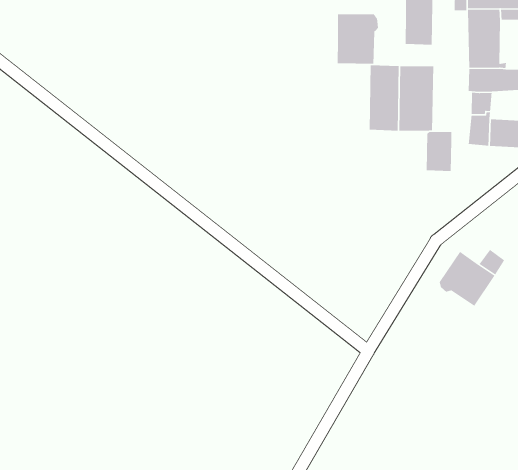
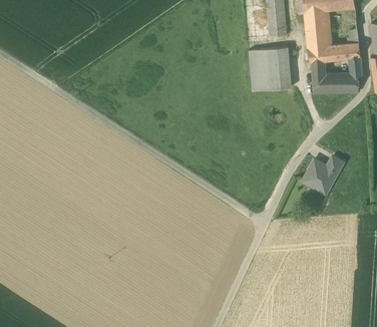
building: [337,13,379,64] -> none
building: [426,131,452,172] -> none

